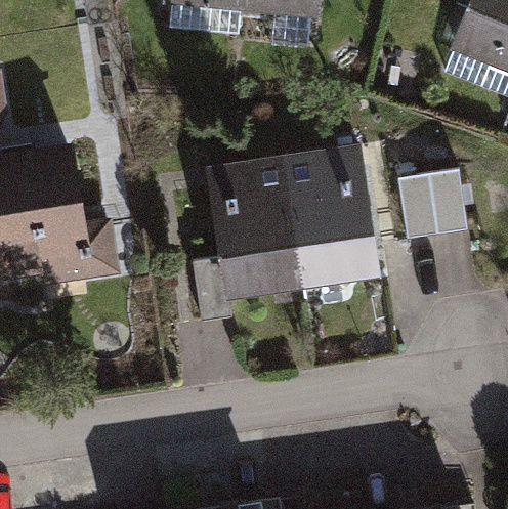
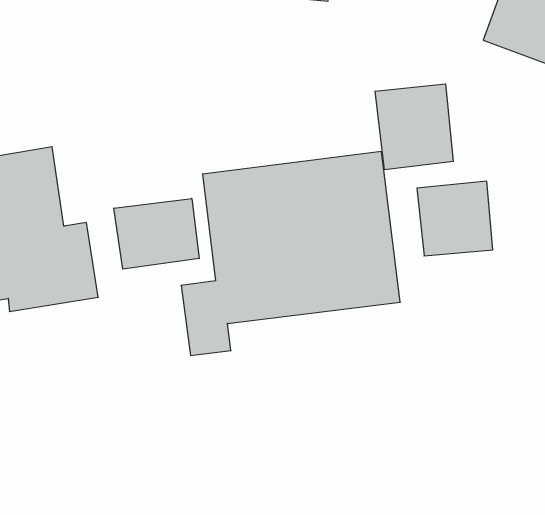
building: none -> [375,84,453,170]
building: none -> [114,198,199,269]

